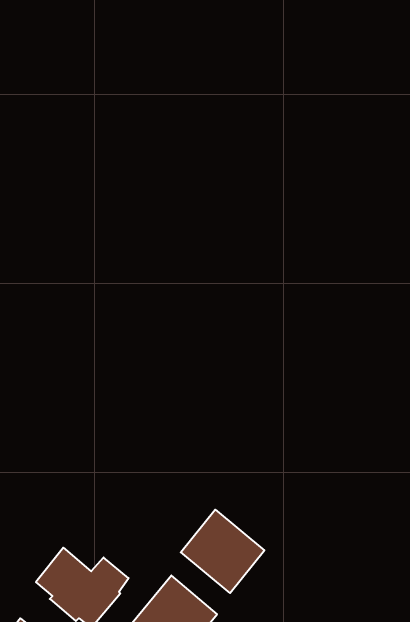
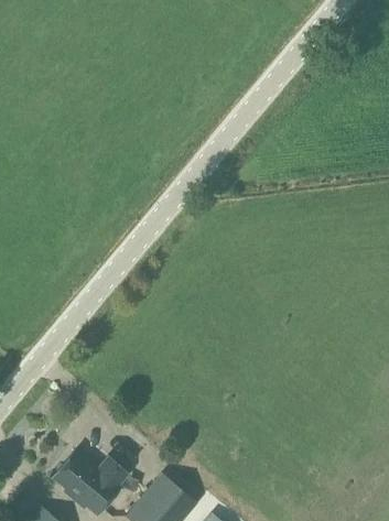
building: [181,510,264,593] -> none

